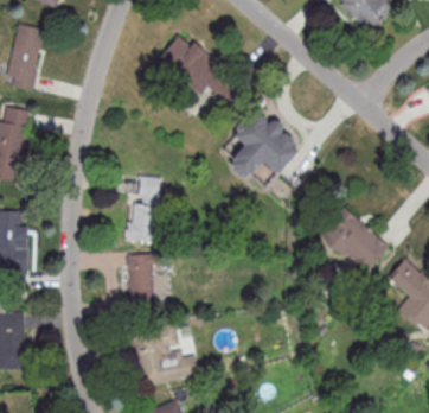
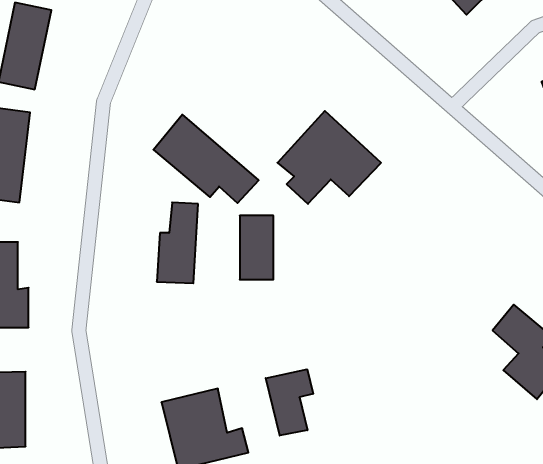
building: [156,31,238,100] -> [153,115,259,203]
building: [318,206,390,273] -> none
building: [127,254,153,304] -> [240,216,273,280]
building: none -> [266,369,313,436]

